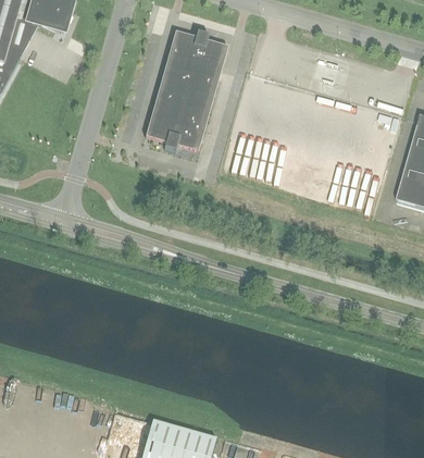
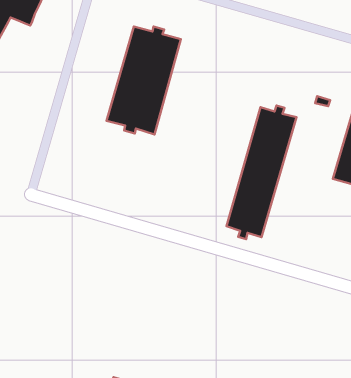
building: none -> [226,106,297,239]

